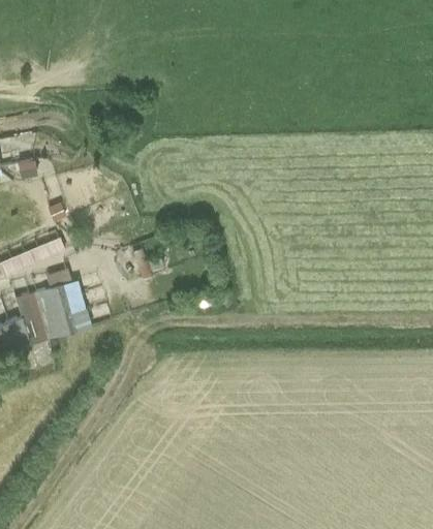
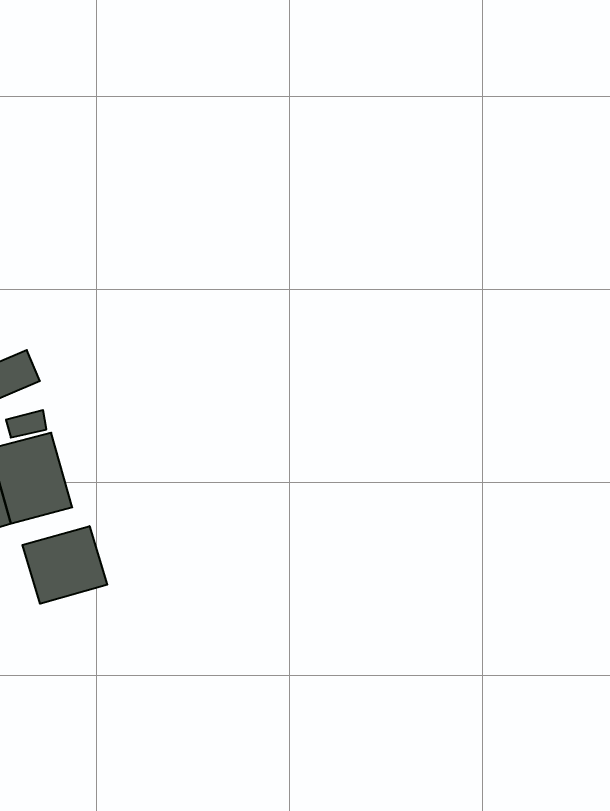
building: none -> [22,526,107,604]

